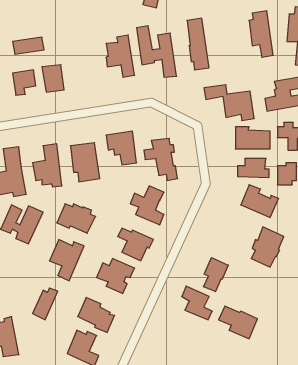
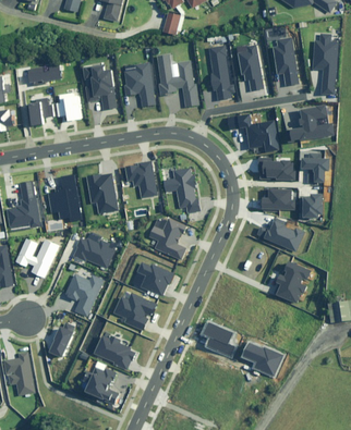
building: none -> [235,44,263,90]
building: none -> [82,64,116,109]
building: [204,258,228,292] -> none

